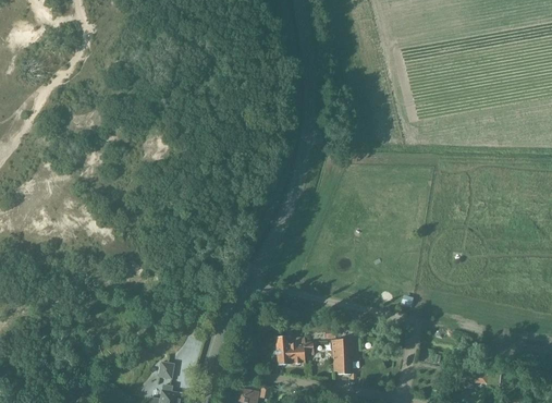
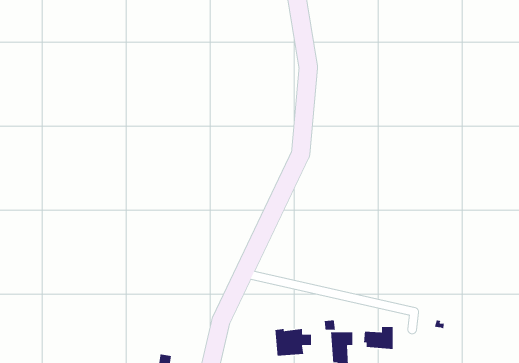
building: none -> [363,326,394,350]

